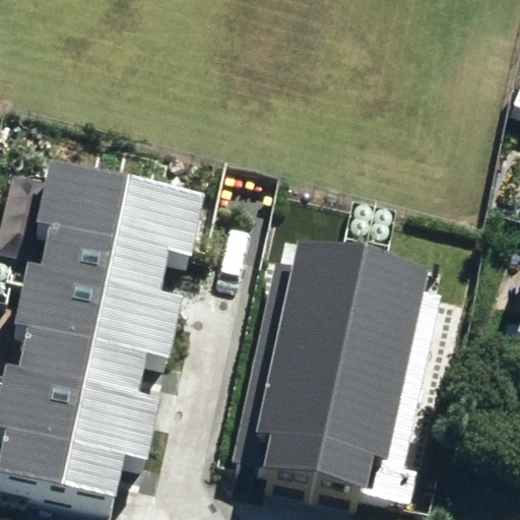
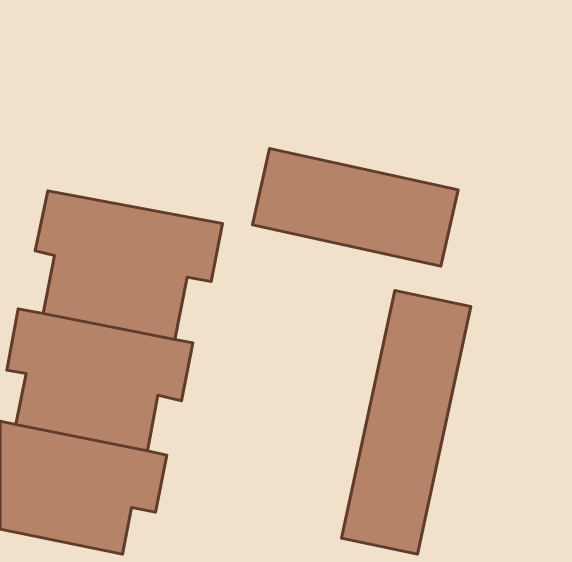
building: none -> [252,148,458,266]
building: [243,245,361,481] -> none

